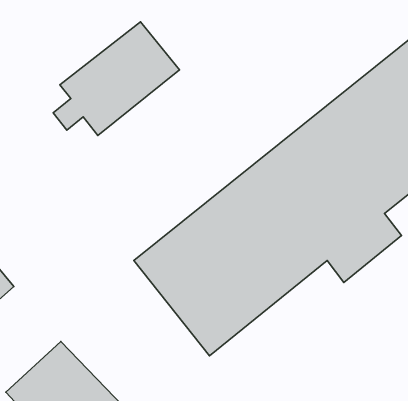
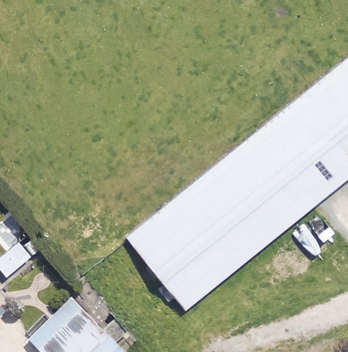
building: [53,22,179,135] -> none

